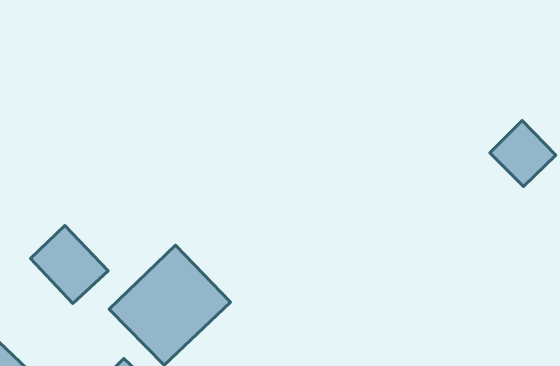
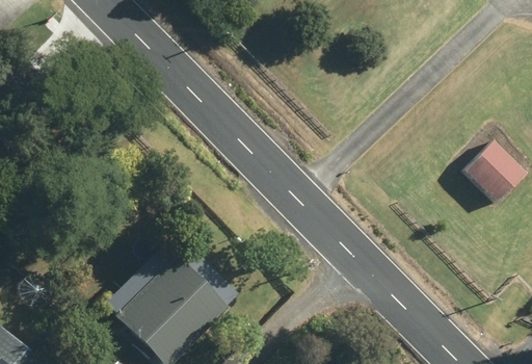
building: [31,226,108,304] -> none

